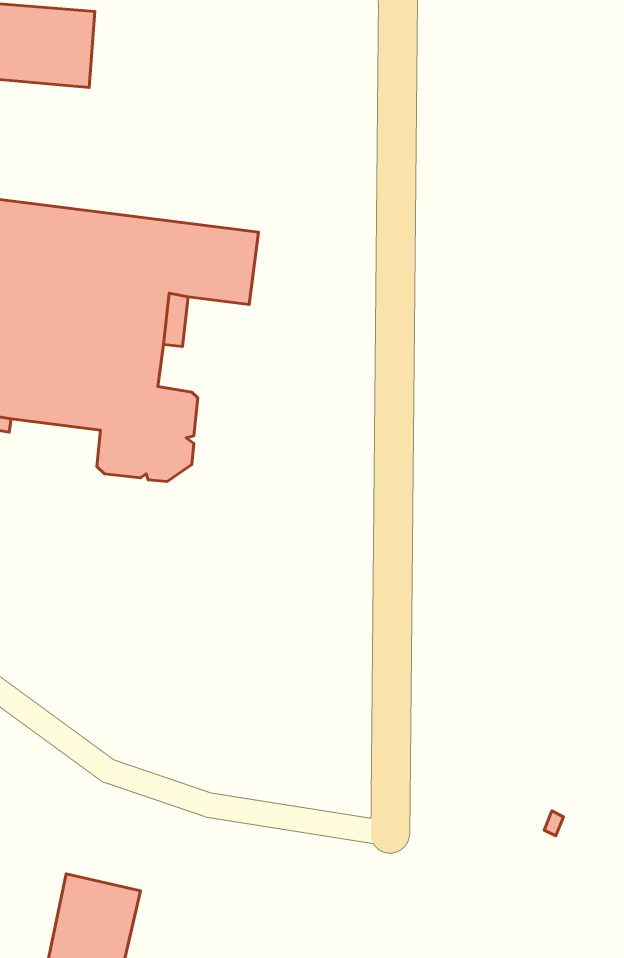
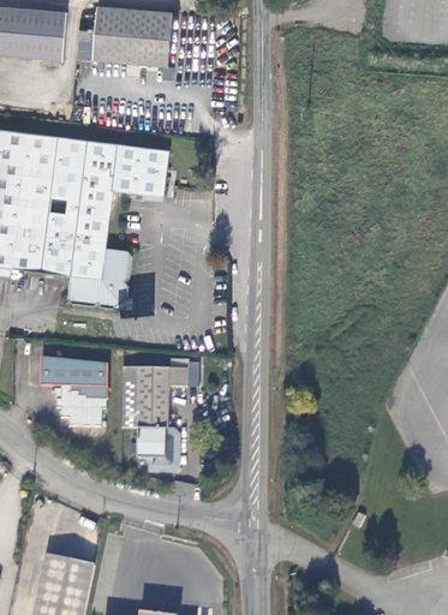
building: none -> [90,7,169,70]
building: none -> [41,357,110,424]
building: none -> [123,366,187,471]

